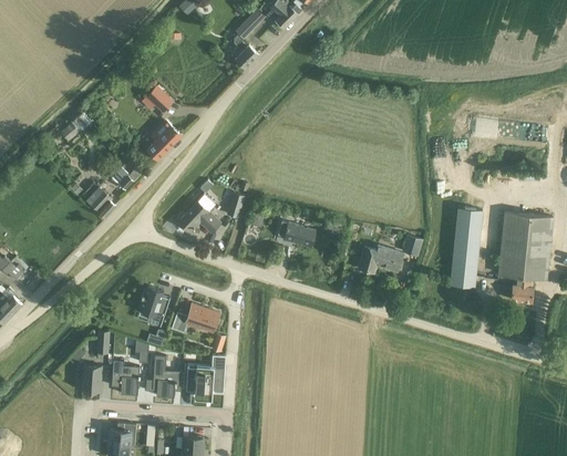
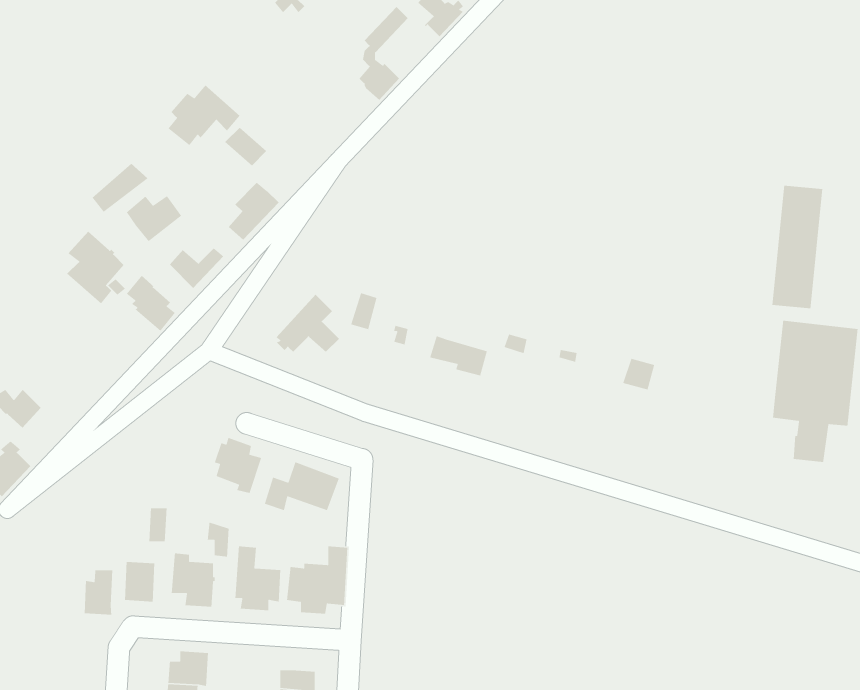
building: none -> [168,84,240,146]
building: none -> [126,195,182,242]
building: none -> [66,231,125,304]
building: [449,207,482,287] -> [772,185,823,309]
building: [358,246,402,273] -> none
building: none -> [84,570,113,615]

